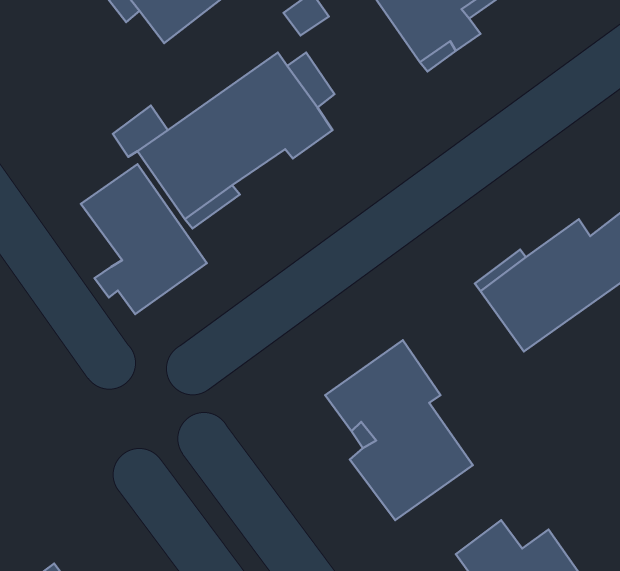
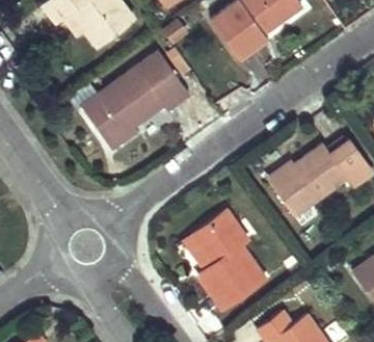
building: [81,164,207,314] -> none

